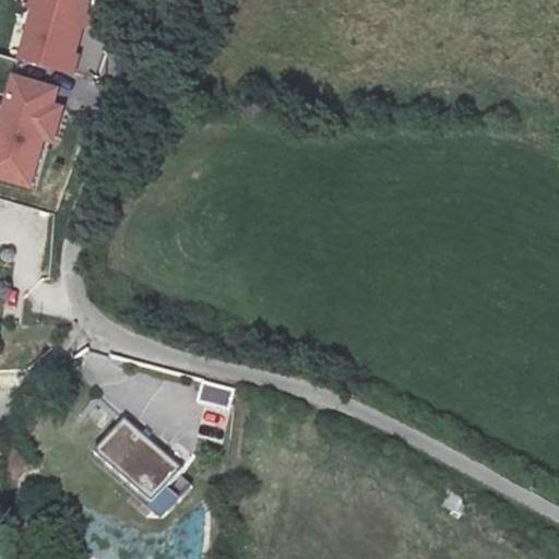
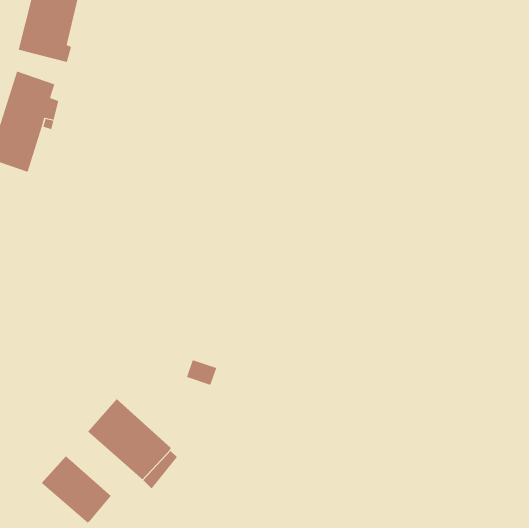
building: none -> [41,455,111,524]

